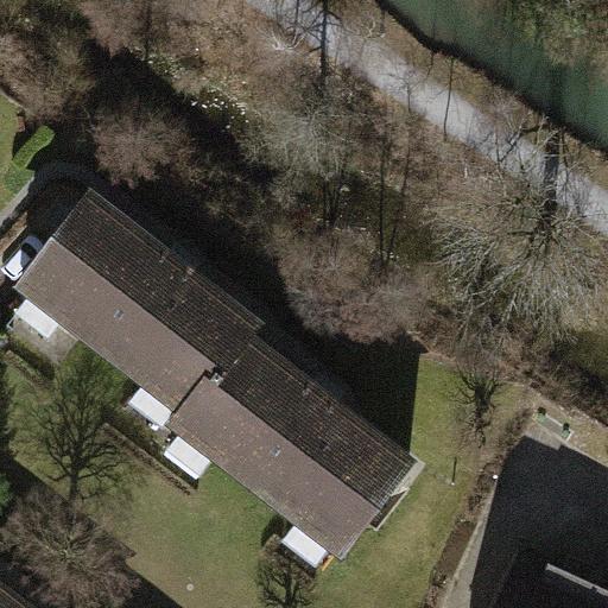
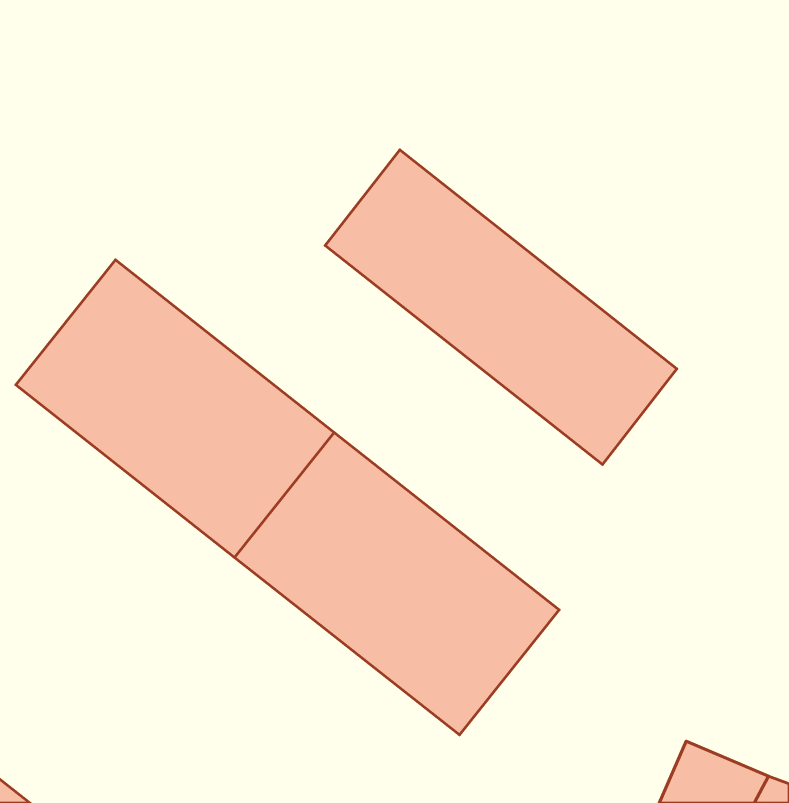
building: none -> [325,150,677,465]

